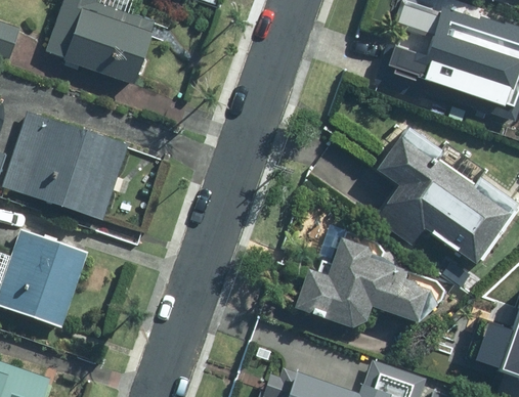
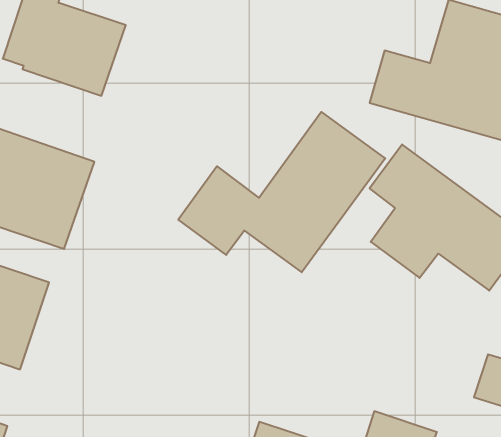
building: none -> [178,112,385,272]
building: [294,231,434,329] -> none

